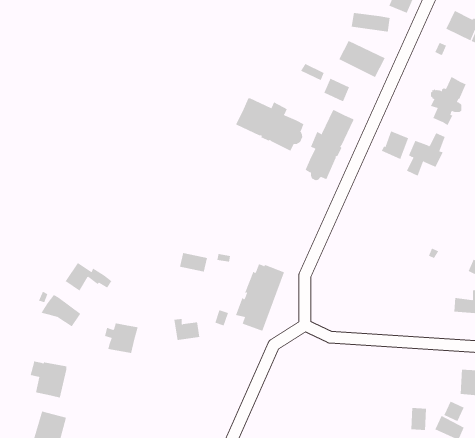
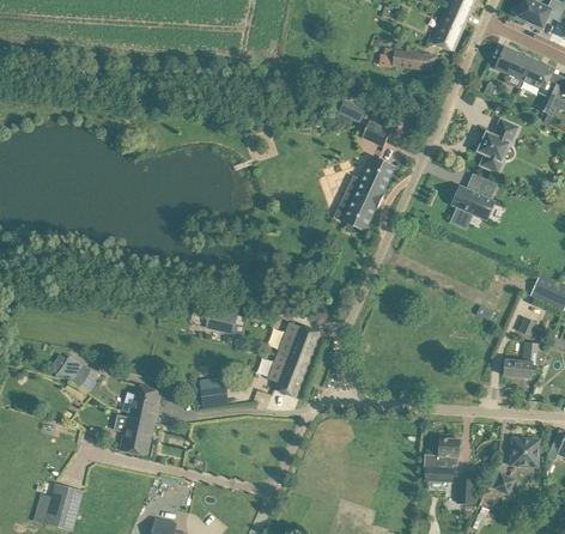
building: [339,40,386,78] -> none
building: [236,97,304,152] -> none
building: [381,131,409,160] -> none
building: [65,262,112,292] -> none
building: [30,361,67,398] -> [113,413,153,454]
building: none -> [423,436,458,487]

